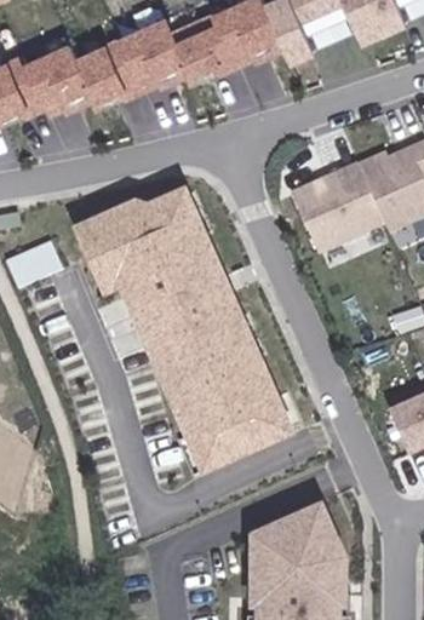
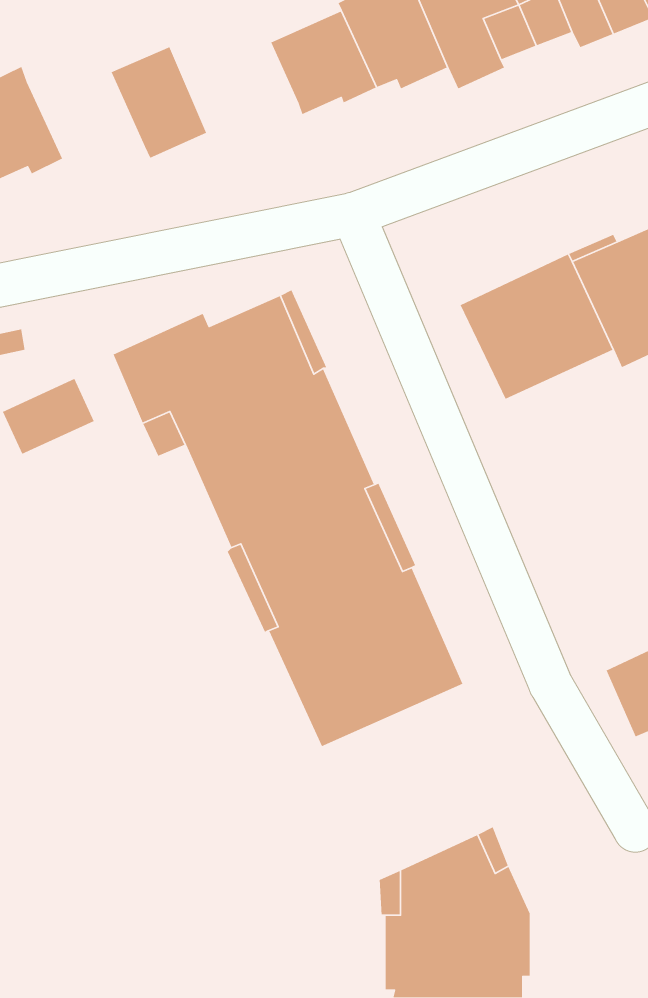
building: [114,13,193,88] -> none
building: [27,38,98,113] -> none

